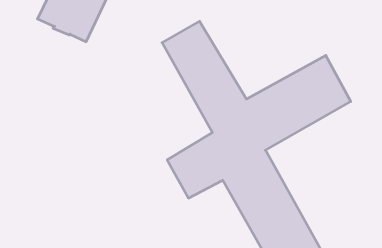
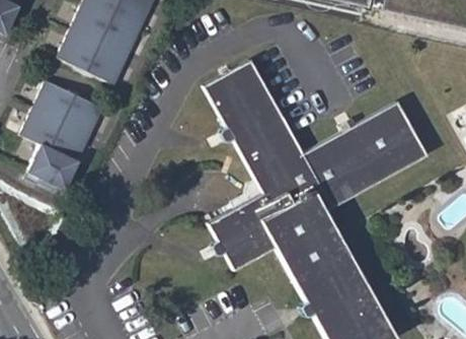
building: none -> [19,80,102,190]

